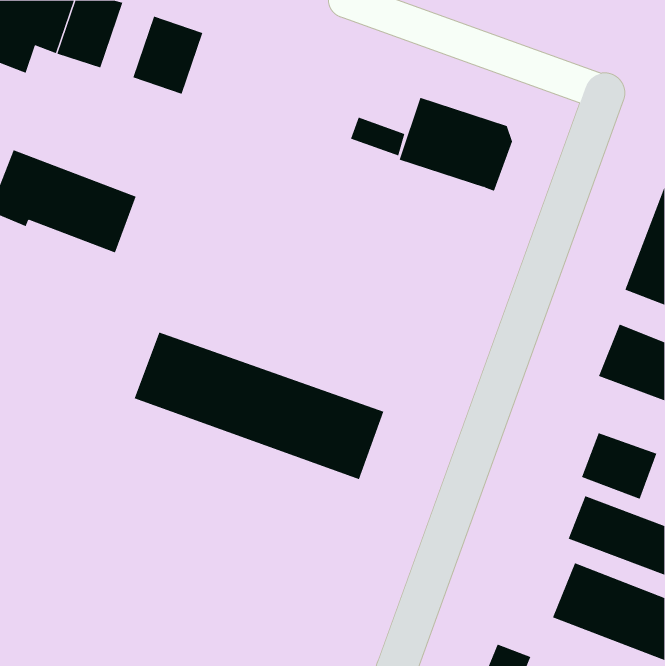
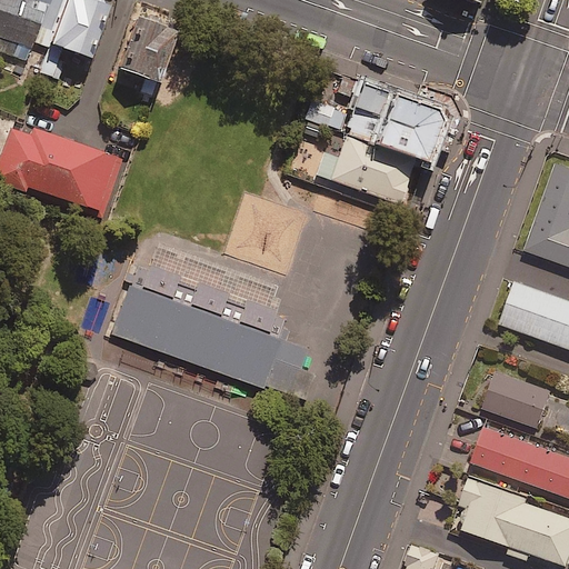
building: none -> [323,139,410,207]

